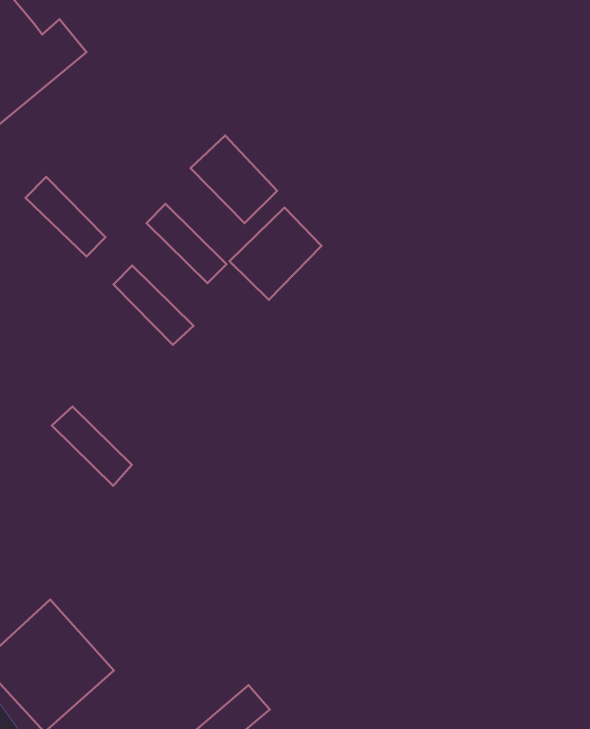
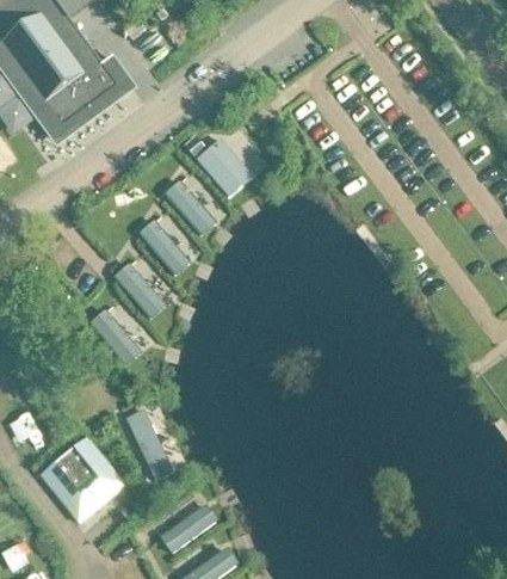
building: [25,177,105,256] -> [112,263,163,316]
building: [230,208,322,300] -> none
building: none -> [131,406,180,480]

